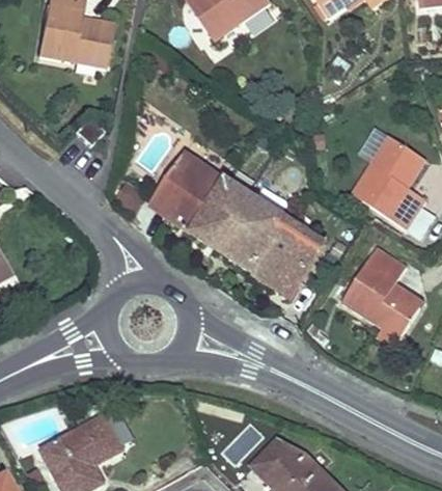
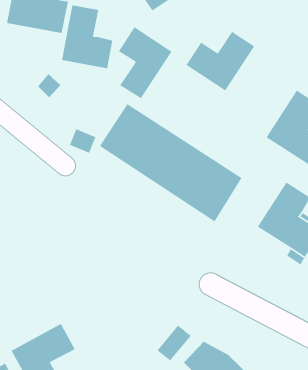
building: none -> [61,4,113,69]
building: none -> [118,26,173,99]
building: none -> [186,31,255,92]

